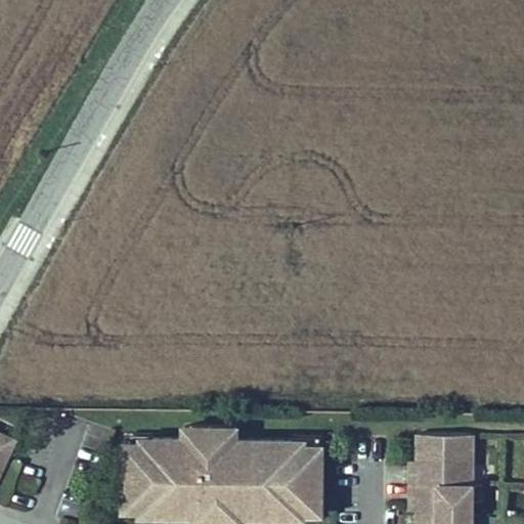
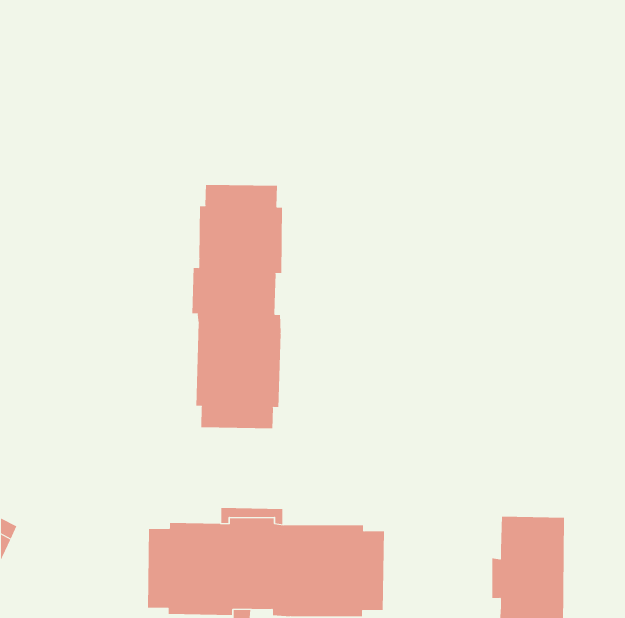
building: none -> [192,184,283,429]

